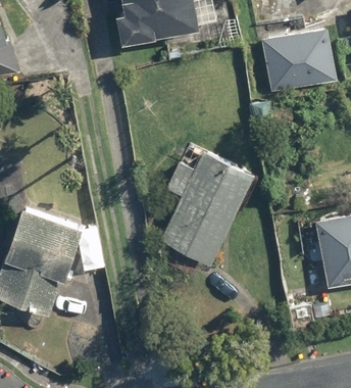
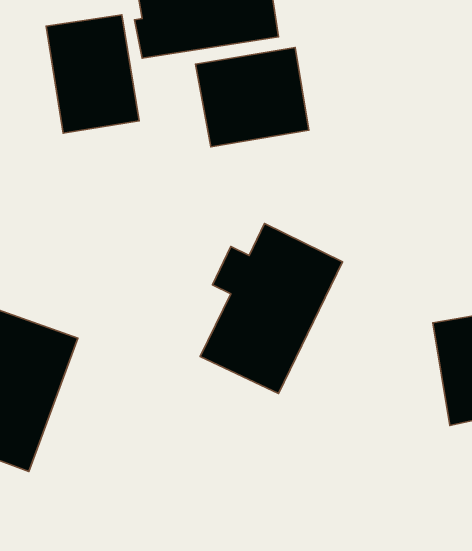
building: none -> [46,15,139,133]
building: [259,27,335,93] -> [196,47,309,147]

